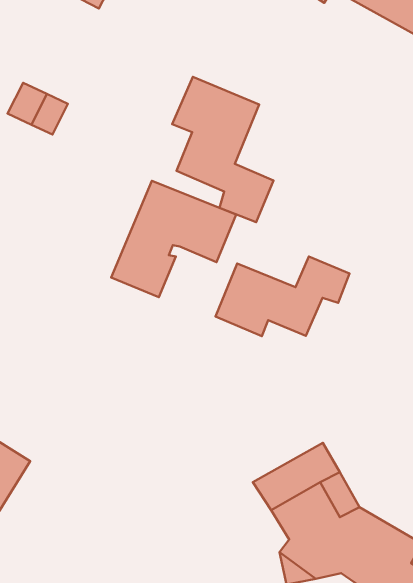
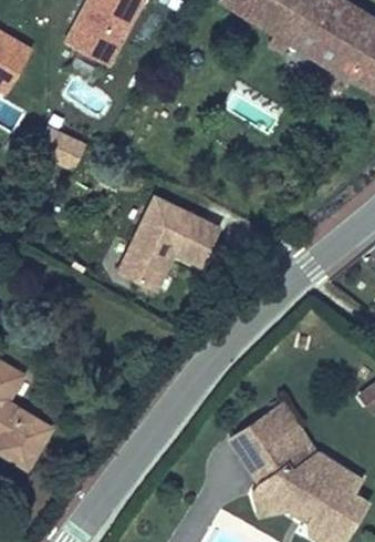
building: [172,77,274,222] -> none
building: [215,257,350,336] -> none

